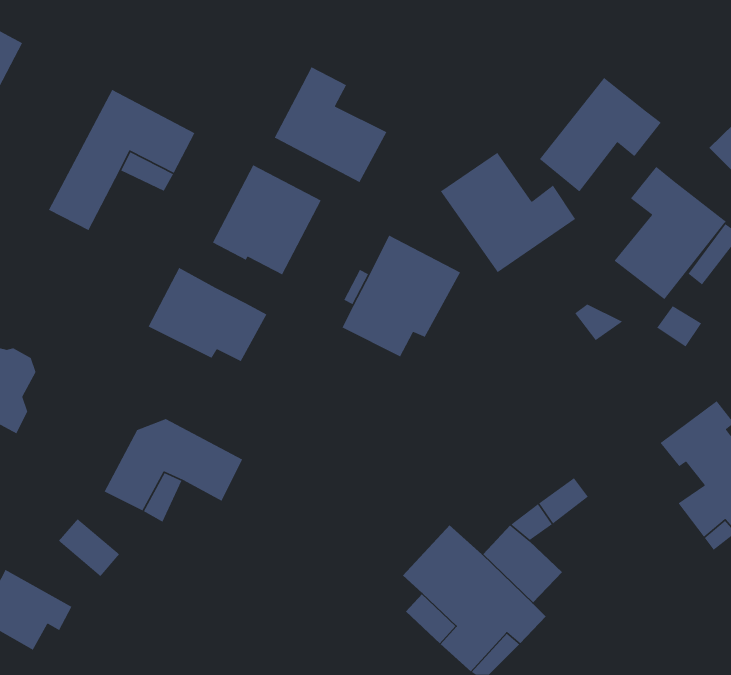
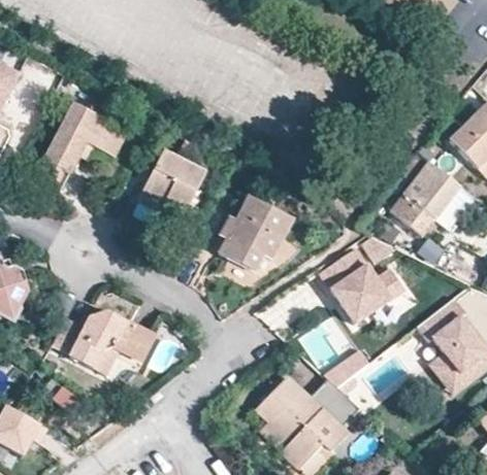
building: [273,66,387,183] -> none
building: [539,77,662,193] -> none
building: [440,152,576,273] -> [321,248,407,325]
building: [148,267,267,362] -> none

